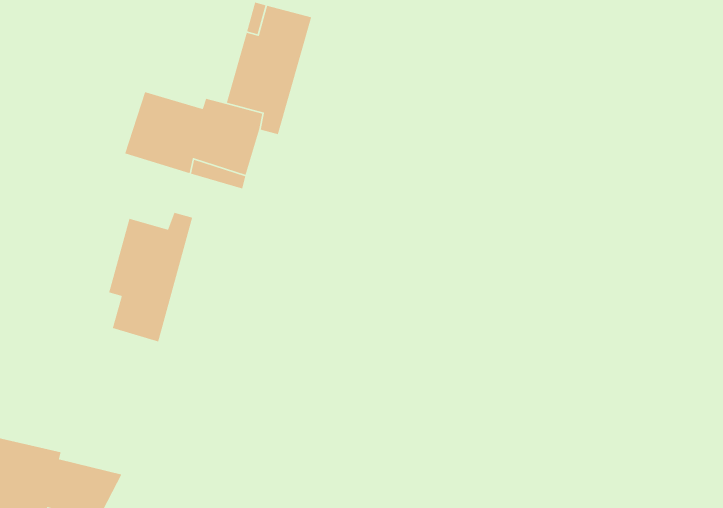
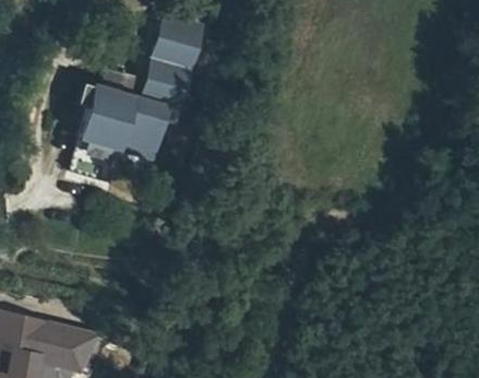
building: [108,212,193,343] -> none

